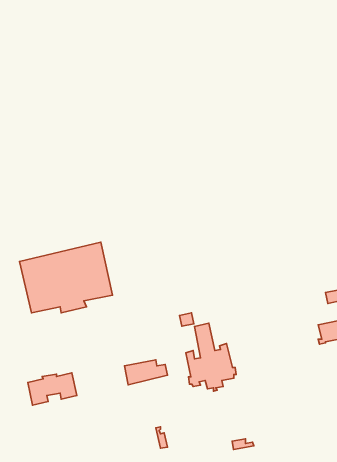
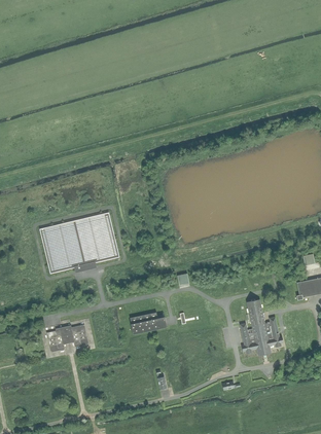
building: [186,323,236,391] -> [240,298,283,357]

